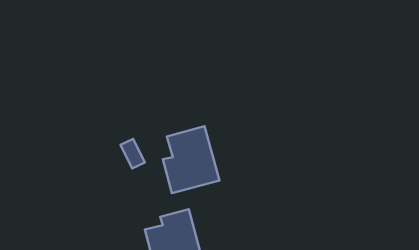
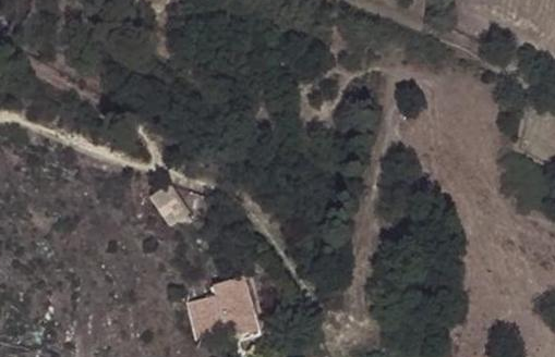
building: [163,126,219,193] -> none

